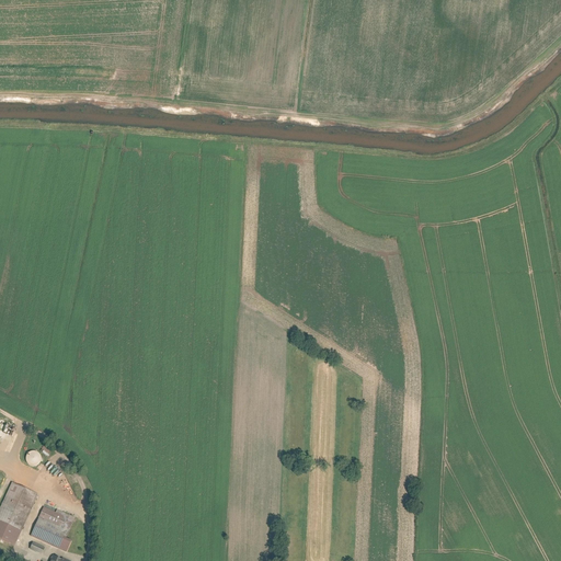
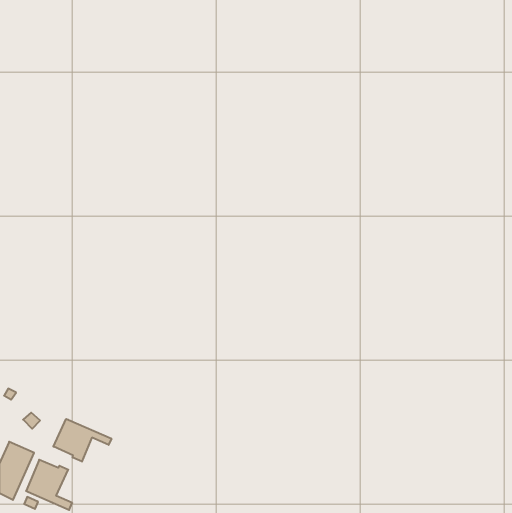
building: none -> [53,419,111,462]

